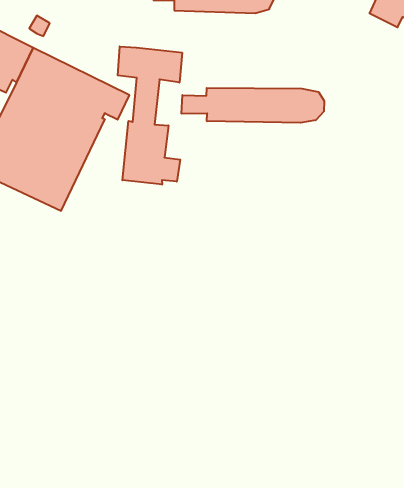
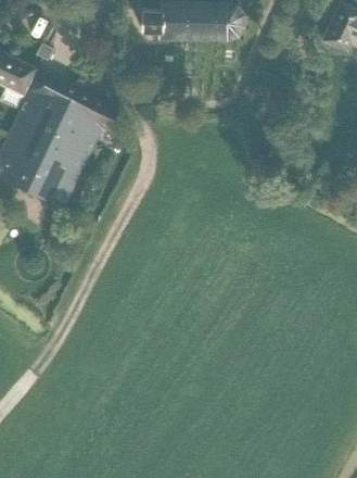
building: [118,46,182,185] -> none
building: [182,88,324,123] -> none

